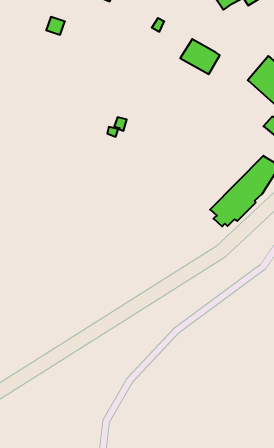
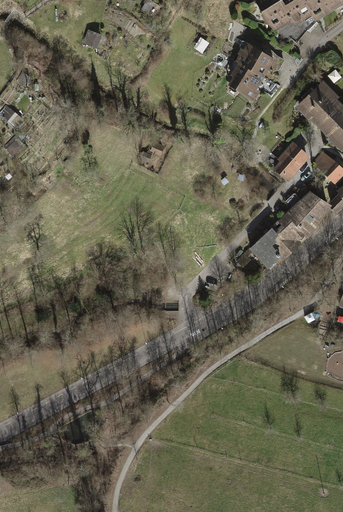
building: none -> [236,41,275,77]
building: none -> [274,140,311,180]

